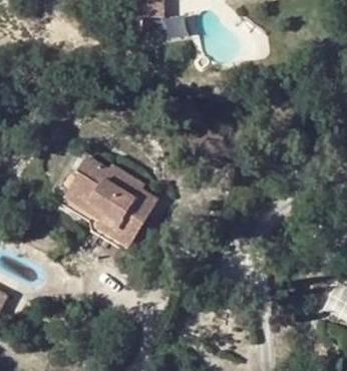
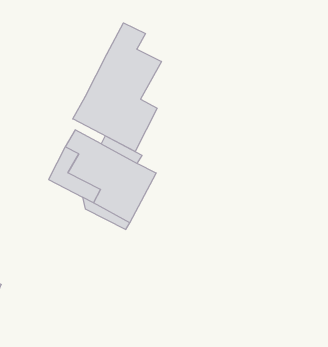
building: none -> [73,23,161,151]

